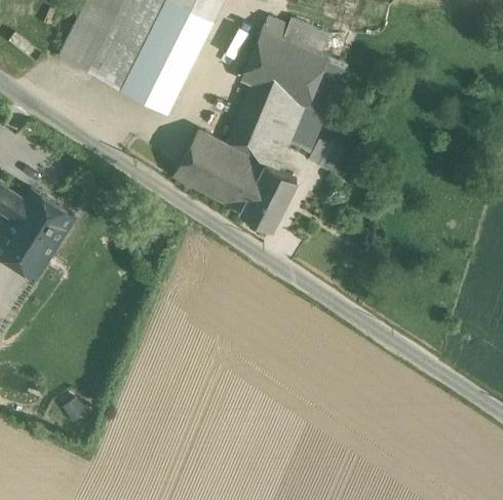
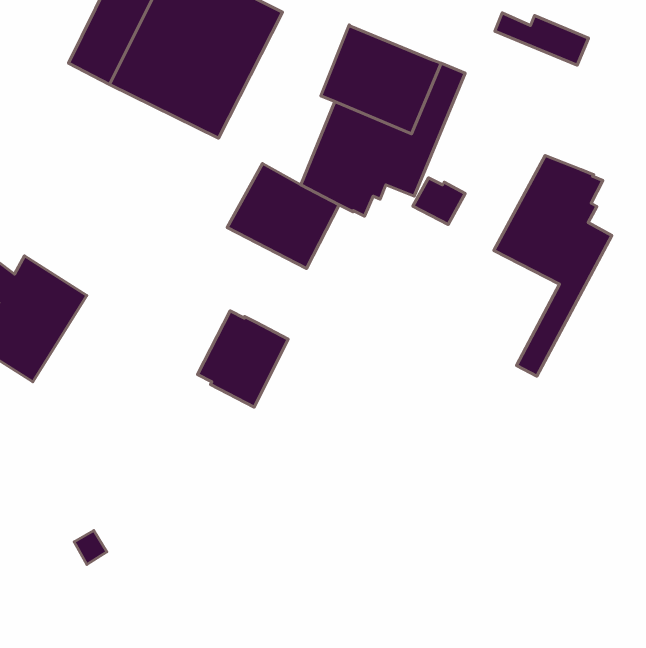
building: [264,15,332,53] -> [495,13,588,65]
building: none -> [494,156,612,376]
building: [232,158,298,228] -> [198,311,288,407]

